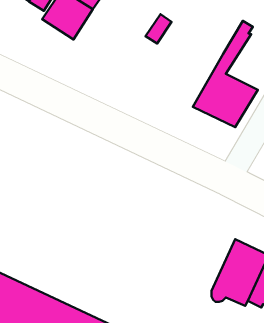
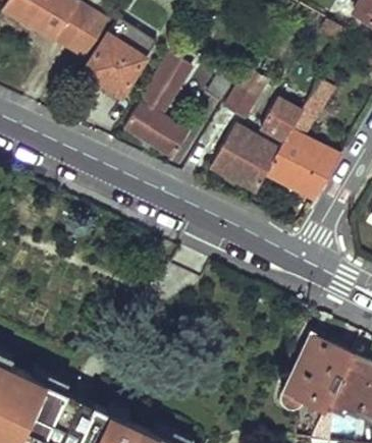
building: none -> [123,53,190,156]
building: none -> [223,69,266,117]
building: none -> [208,98,299,193]

